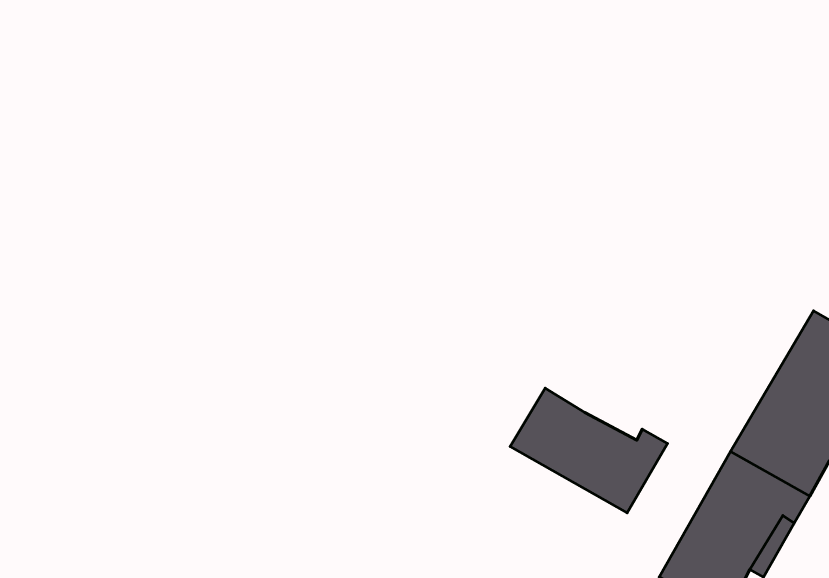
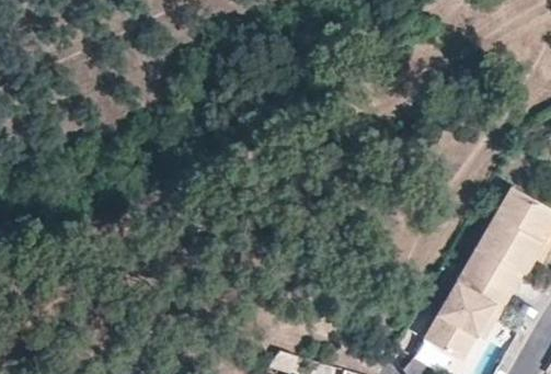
building: [510,388,667,513] -> none

